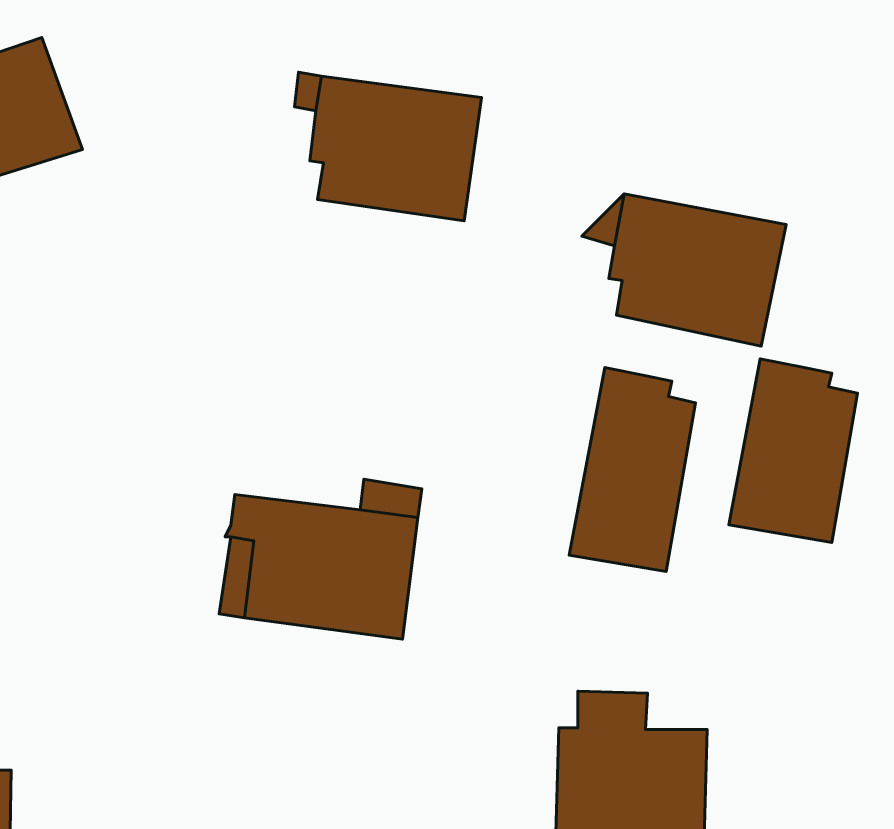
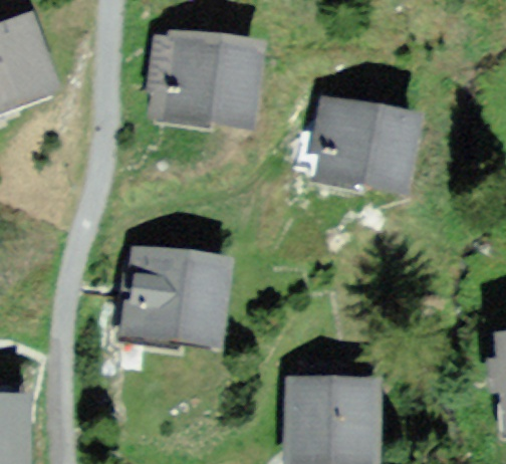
building: [729,359,858,542] -> none
building: [569,368,696,571] -> none

